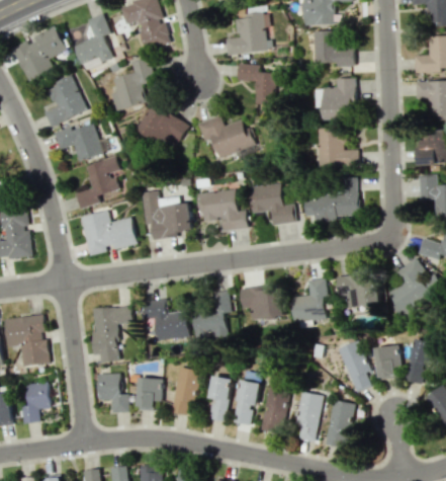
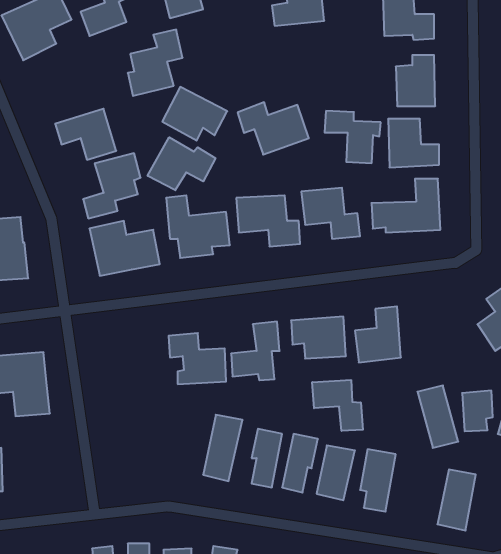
building: [238,64,282,105] -> [325,111,381,163]
building: [43,76,87,127] -> none
building: none -> [148,137,215,190]
building: [337,274,379,310] -> none
building: [92,306,132,363] -> none
building: none -> [312,380,363,431]
building: [98,374,128,413] -> none
building: [139,378,163,410] -> none
building: [22,383,50,423] -> none
building: [325,400,355,449] -> [437,469,476,531]

